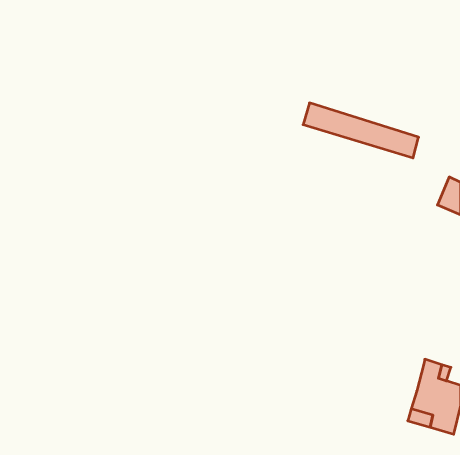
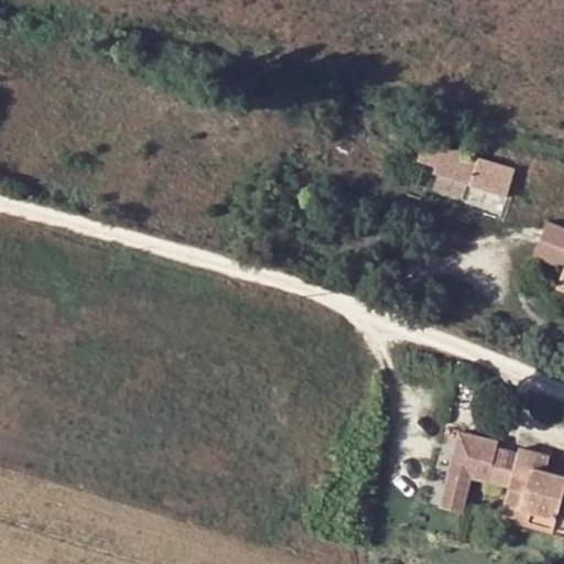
building: none -> [441,430,519,510]

